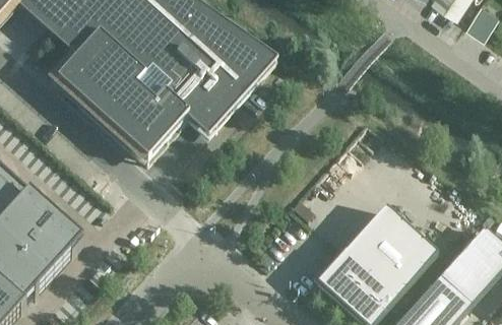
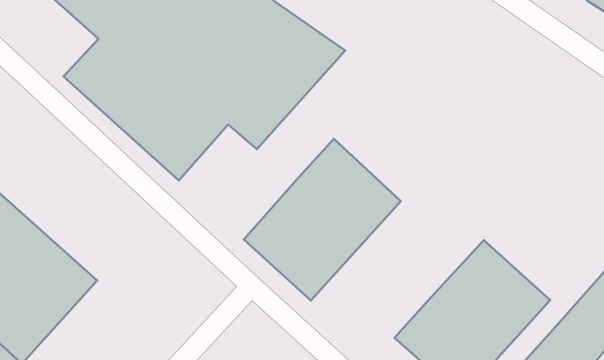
building: none -> [244,139,401,301]

